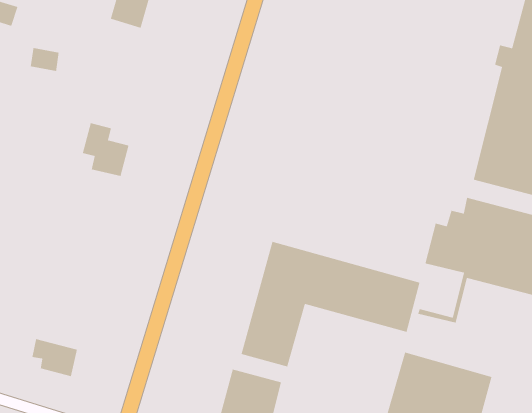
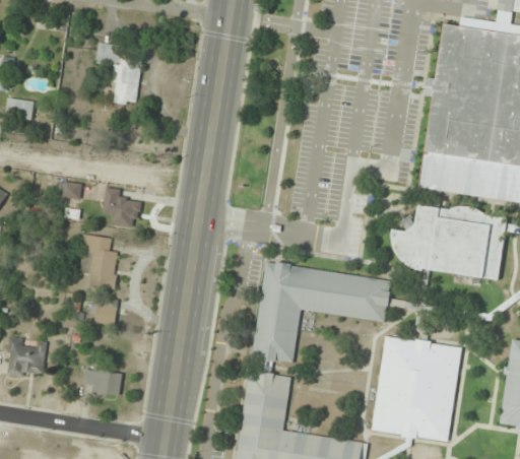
building: [30,47,60,72] -> [59,182,81,199]
building: none -> [77,235,120,290]
building: none -> [94,298,119,325]

